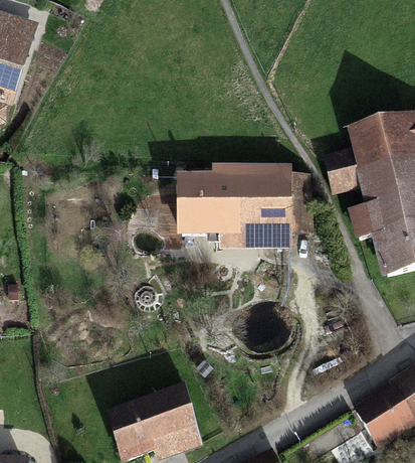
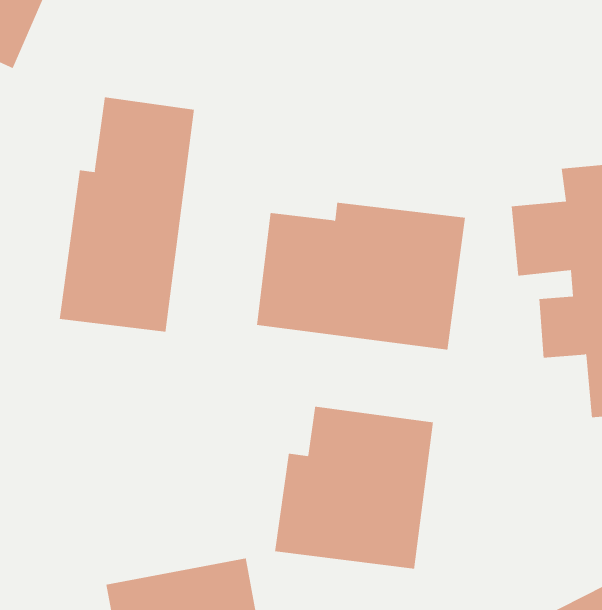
building: none -> [59,96,195,333]
building: none -> [275,406,434,570]

